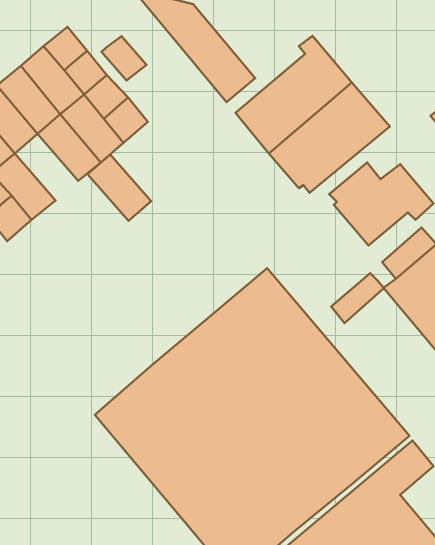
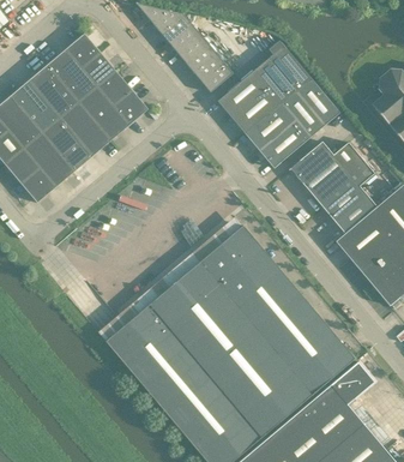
building: [101,36,147,80] -> none
building: [88,154,151,221] -> [43,118,94,170]
building: [331,273,384,323] -> [324,180,366,220]

